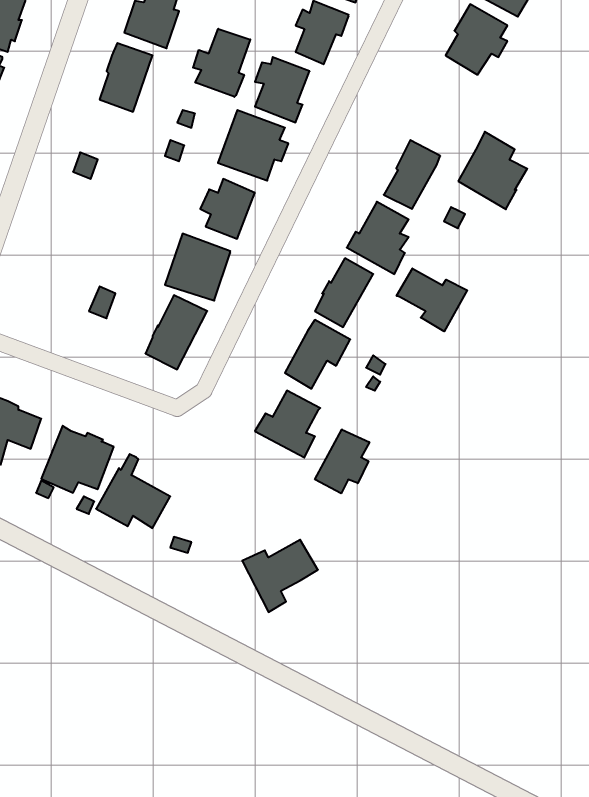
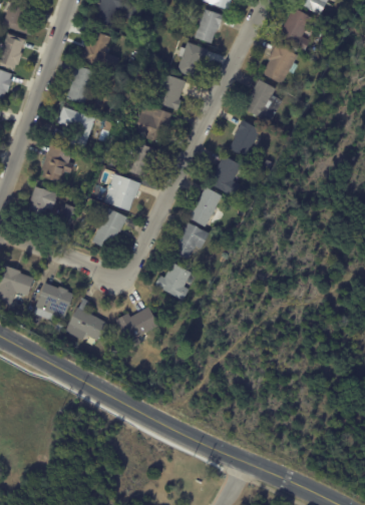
building: [193,29,250,97] -> none
building: none -> [57,106,94,150]
building: [458,132,527,209] -> [244,79,283,123]
building: none -> [40,144,73,183]
building: none -> [25,186,59,224]
building: [397,268,467,331] -> none
building: [315,429,369,493] -> none
building: [242,540,318,612] -> [115,308,158,349]

